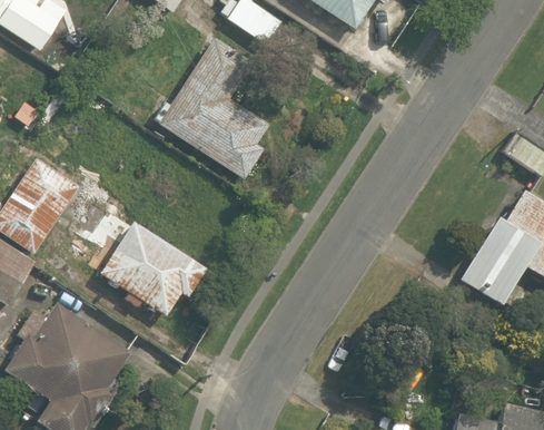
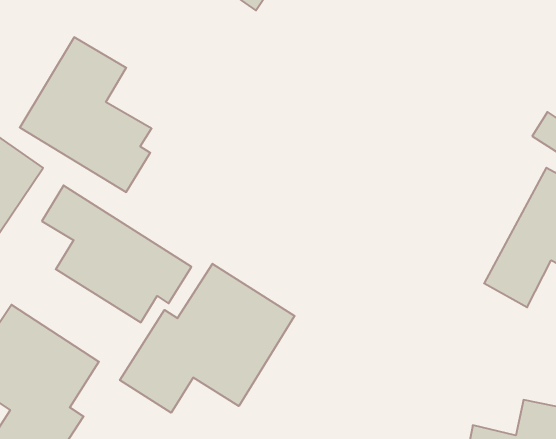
building: [155,42,270,178] -> [20,37,152,192]
building: none -> [120,264,295,413]

